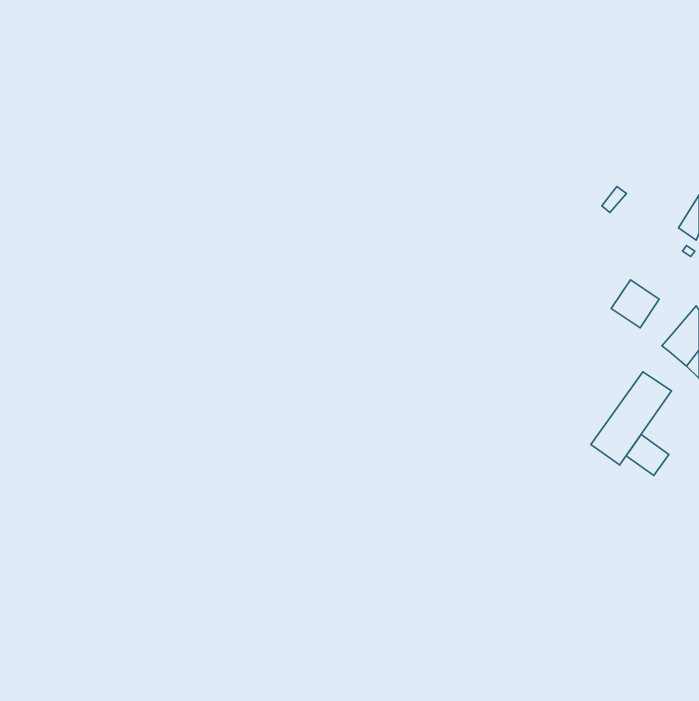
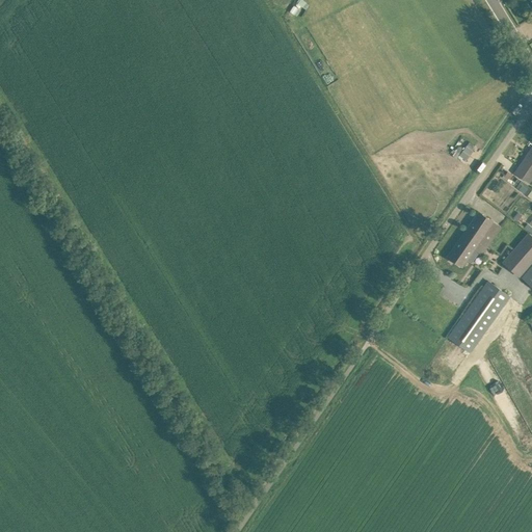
building: none -> [447,234,485,267]
building: [626,435,669,476] -> none

